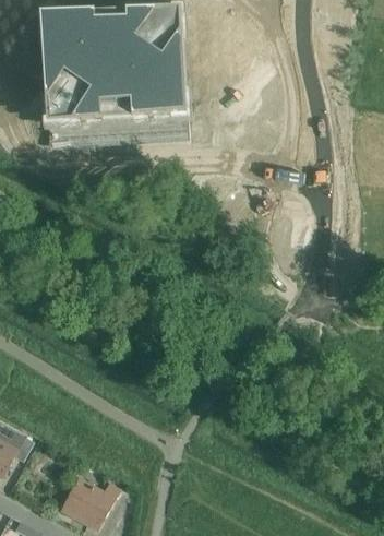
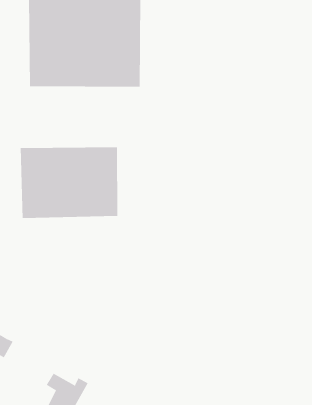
building: none -> [20,147,118,219]

